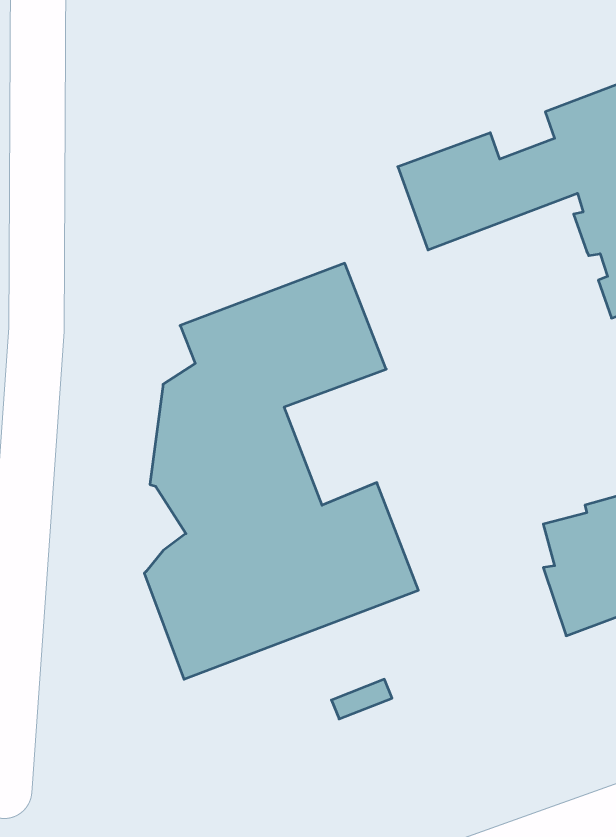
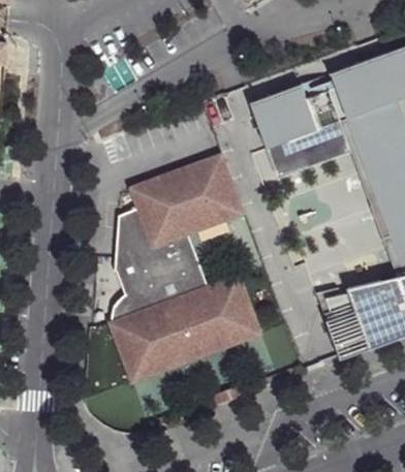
building: none -> [268,118,354,179]

